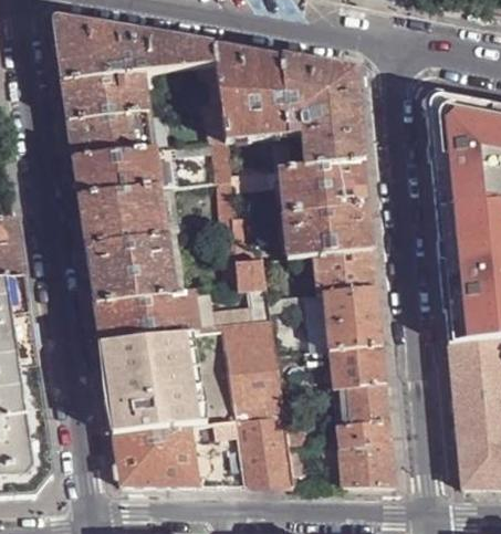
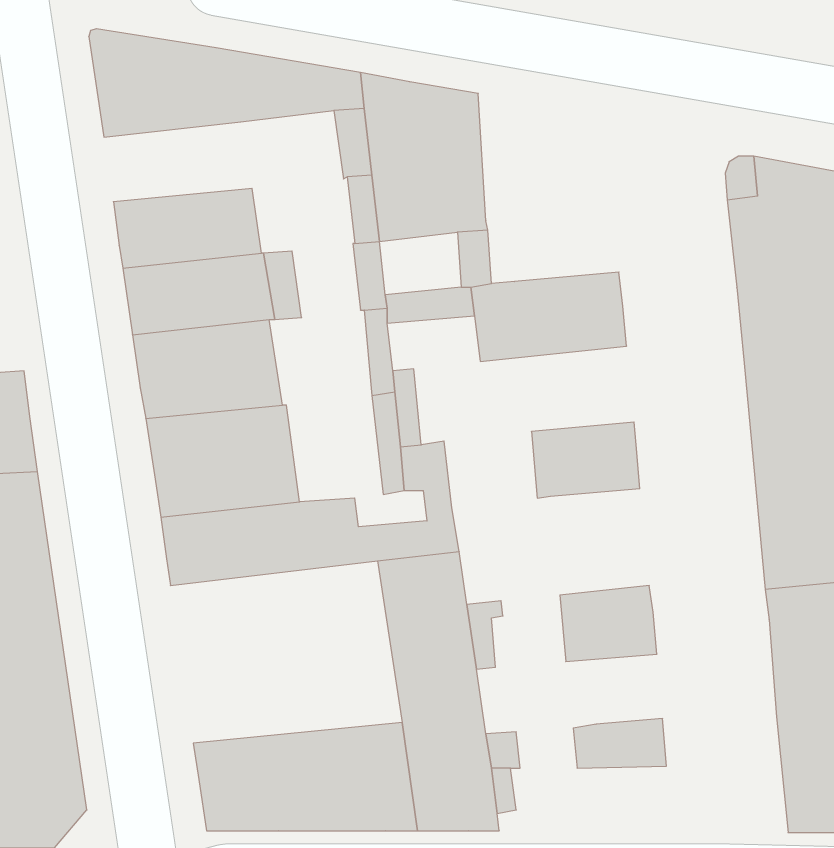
building: [281,57,363,167] -> none
building: [63,74,149,121] -> none
building: [282,205,372,258] -> none
building: [313,287,380,350] -> none
building: [102,329,237,436] -> none
building: [332,384,388,425] -> none
building: [338,449,394,488] -> none

